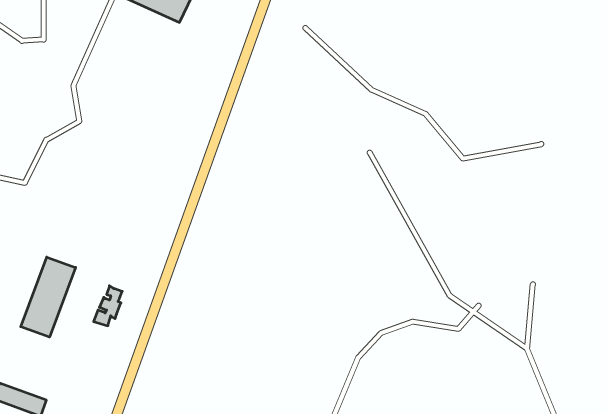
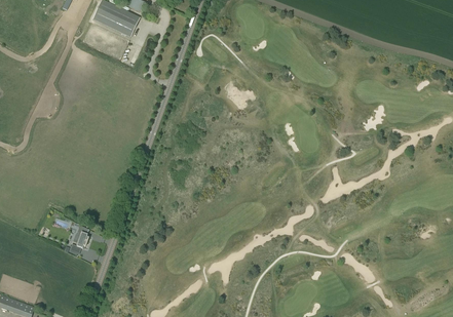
building: [21,257,76,337] -> none

